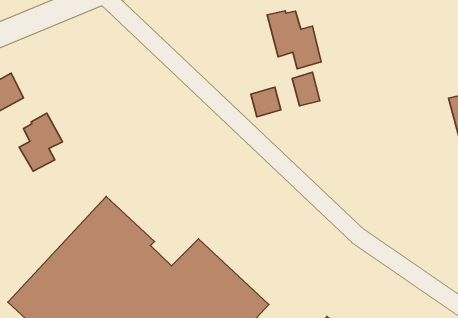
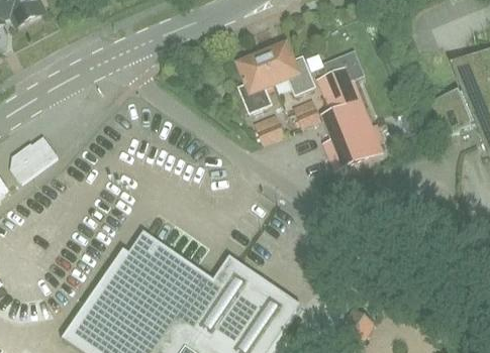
building: none -> [235,50,275,112]
building: none -> [315,66,381,163]
building: [19,113,62,171] -> none

